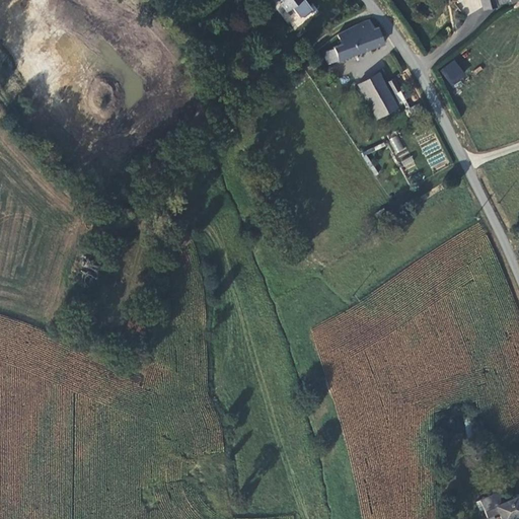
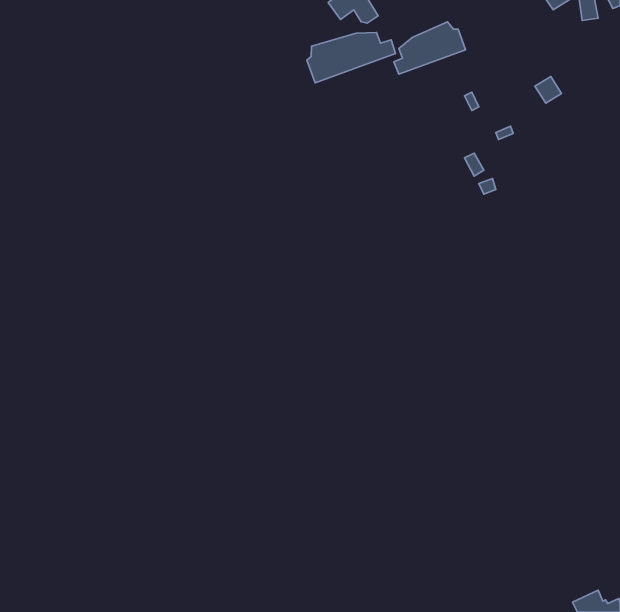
building: none -> [307,32,396,83]
building: [359,73,396,119] -> none

